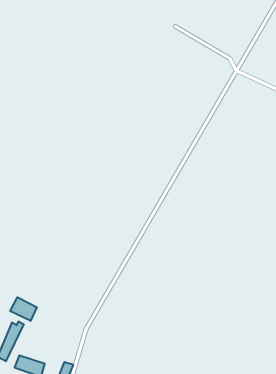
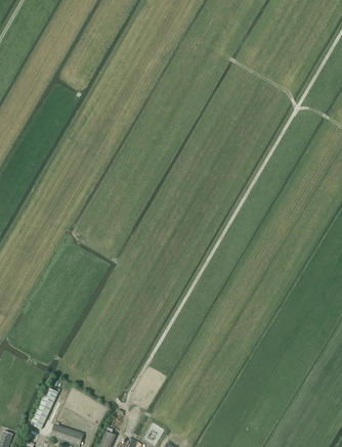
building: [10,297,37,321] -> none

